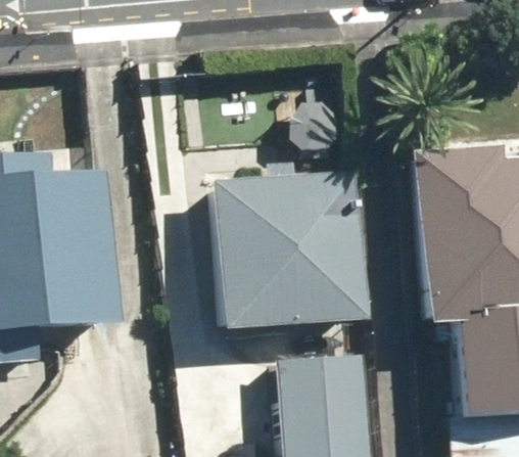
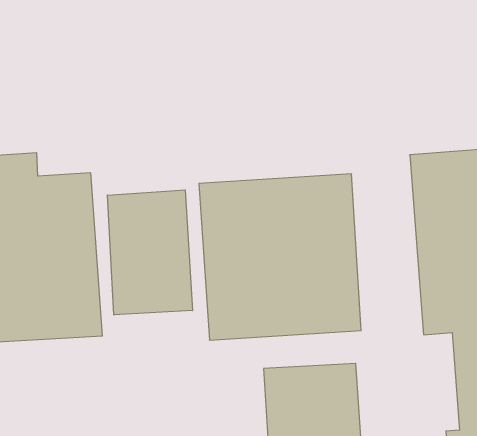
building: none -> [107,190,193,315]

